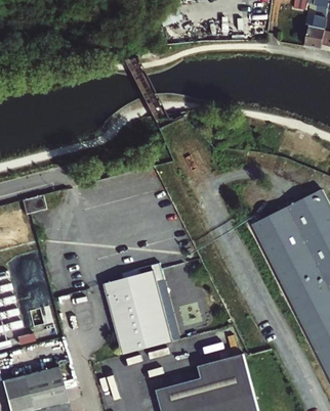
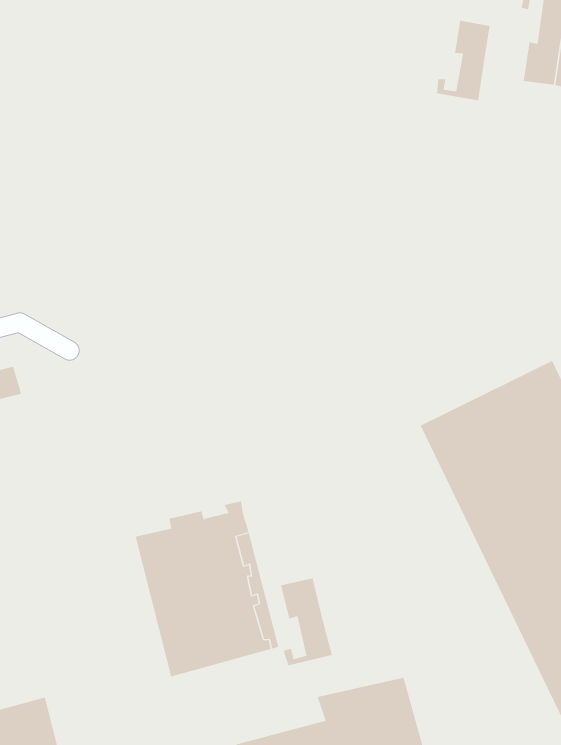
building: none -> [437,20,490,101]
building: none -> [280,578,333,666]

